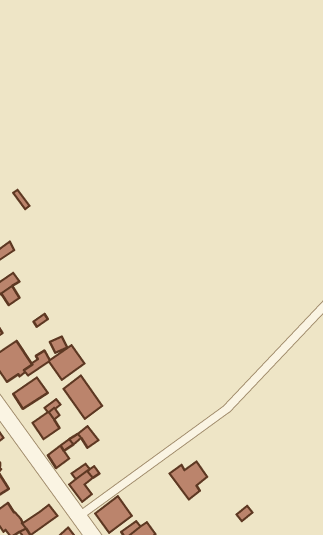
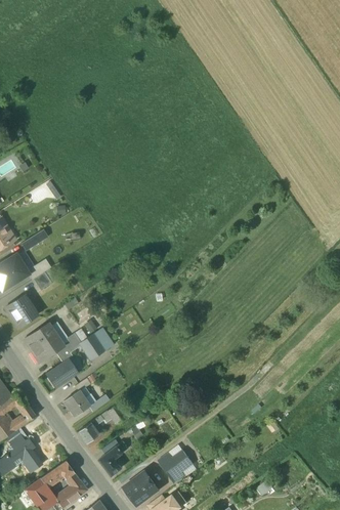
building: [64,376,102,419] -> none
building: [169,462,207,499] -> [157,450,193,485]
building: none -> [40,460,79,486]

